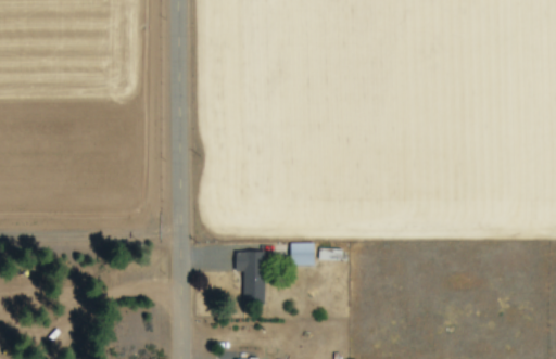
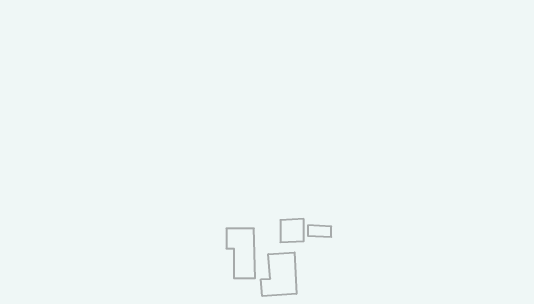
building: none -> [261,252,296,296]

